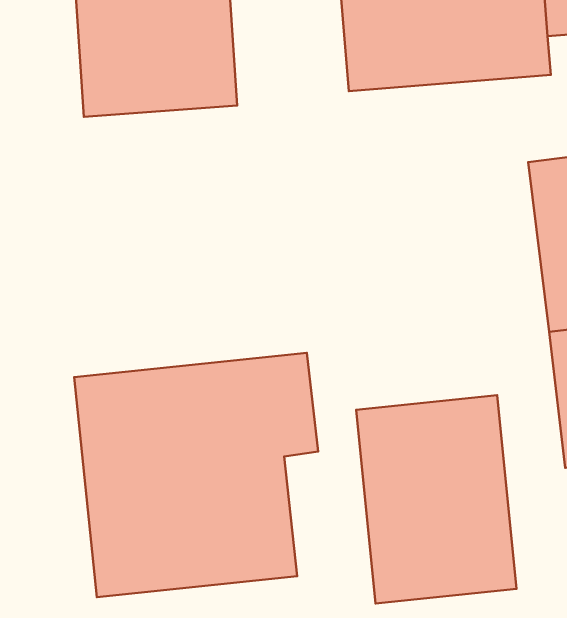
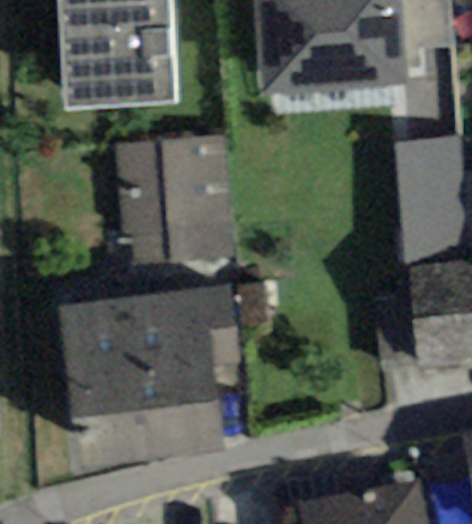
building: none -> [115,134,232,261]
building: [356,395,516,603] -> none

